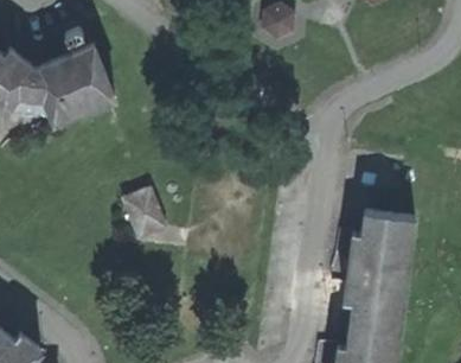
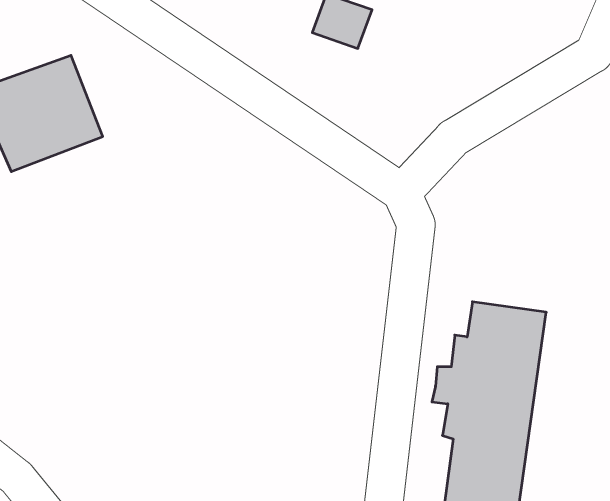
building: [121,189,165,240] -> none

